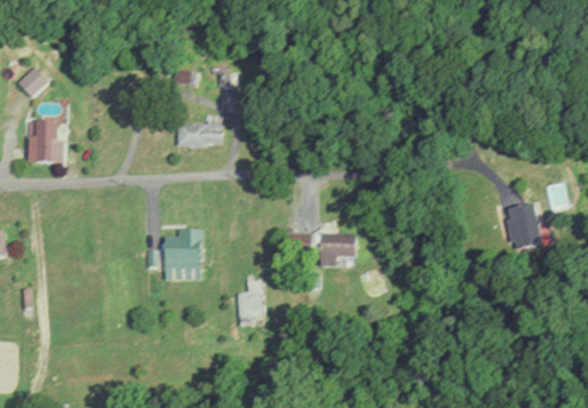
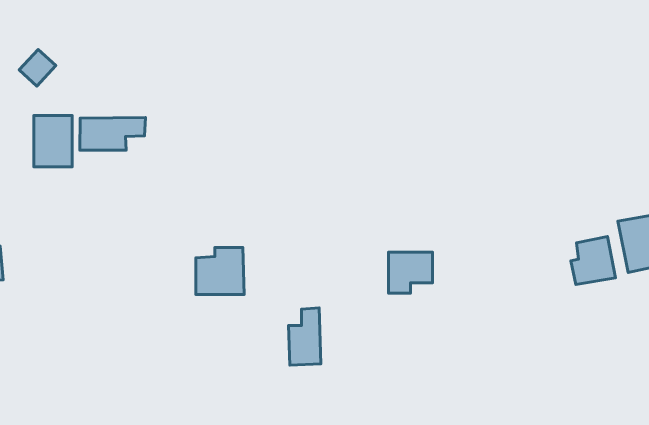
building: [178,122,222,145] -> none
building: none -> [80,117,145,150]
building: none -> [571,236,616,284]

